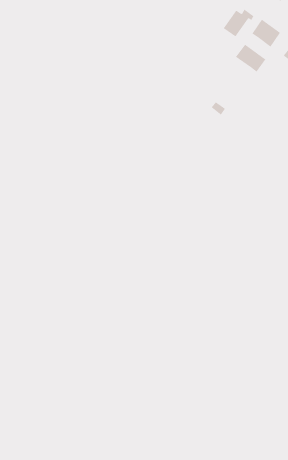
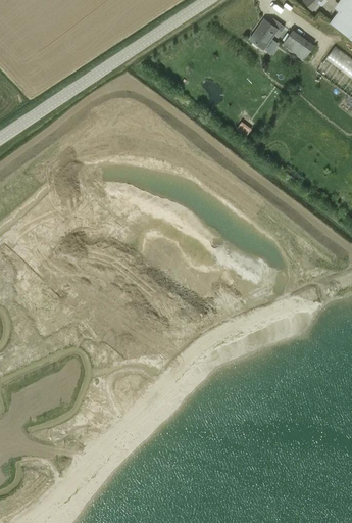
building: [235,44,266,72] -> none

